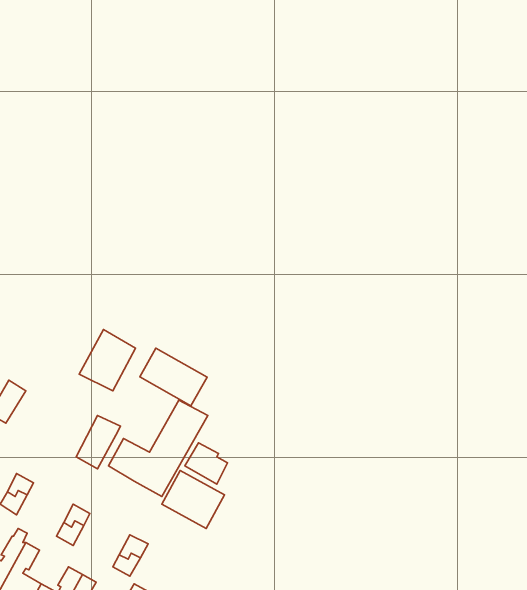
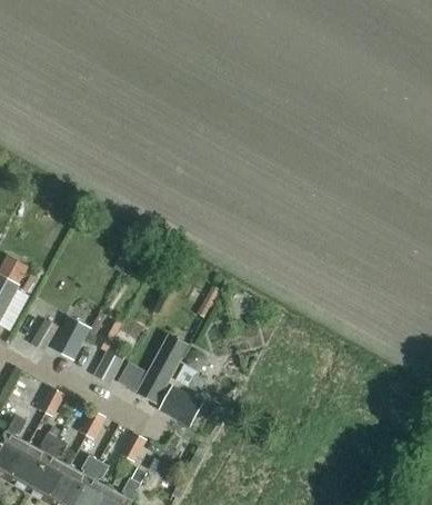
building: [79,330,136,391] -> [49,314,90,358]
building: [140,348,207,406] -> none

